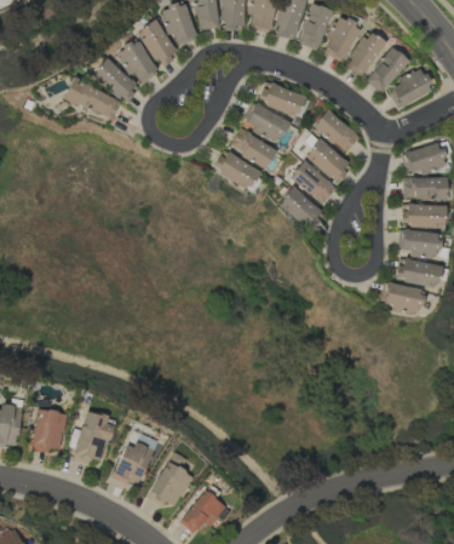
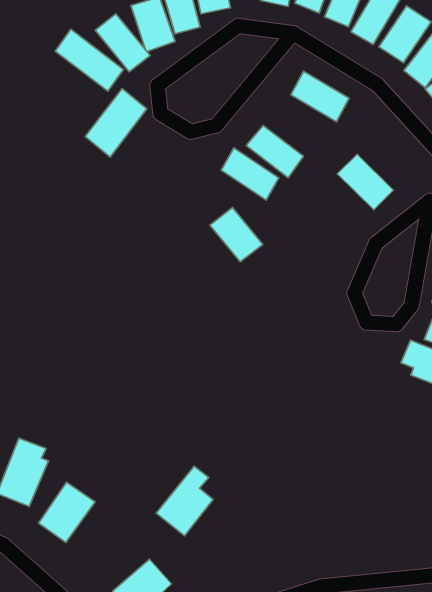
building: [242,103,289,143] -> none
building: [312,111,361,153] -> none
building: none -> [85,88,147,157]
building: [289,161,335,206] -> none
building: [277,188,322,230] -> [210,208,263,262]
building: [149,452,192,509] -> [156,466,213,536]

